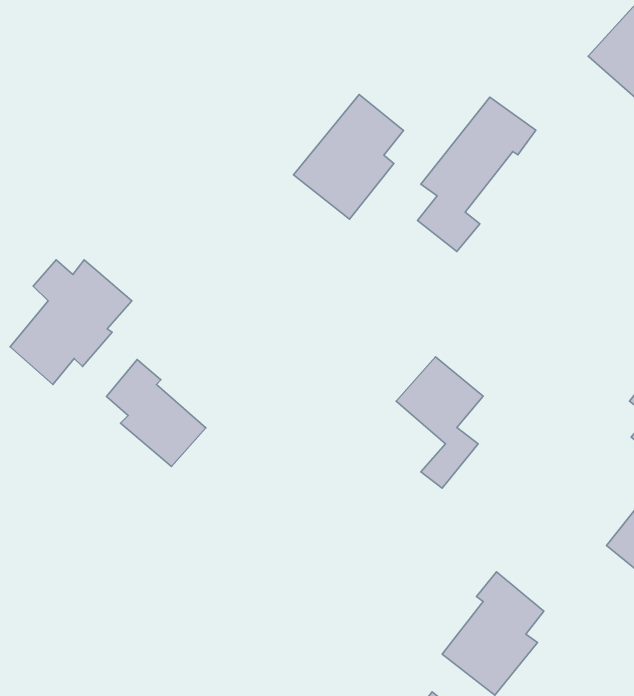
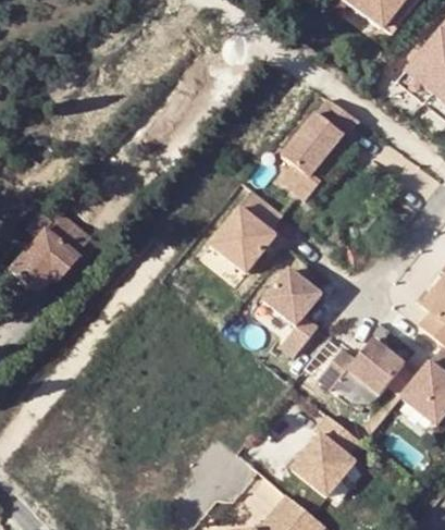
building: [294,94,404,219] -> [210,193,283,275]
building: [107,359,206,467] -> none
building: none -> [321,340,404,394]

